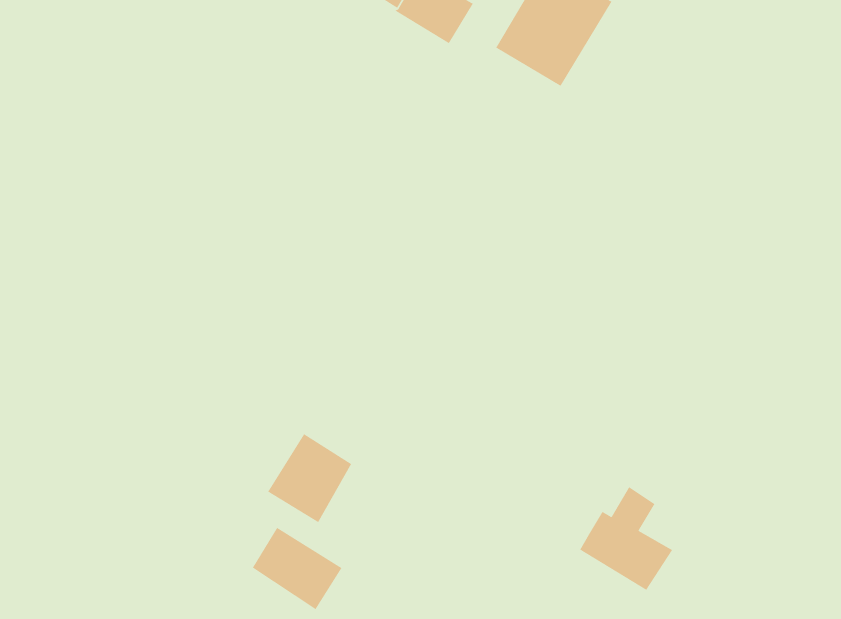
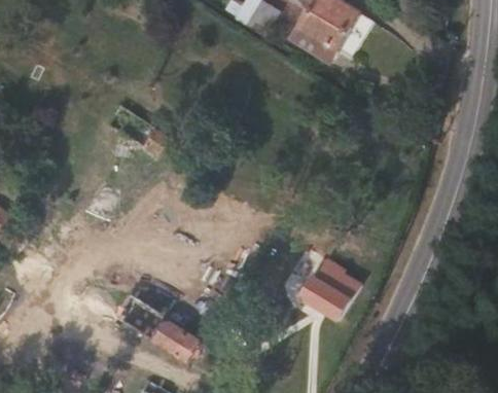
building: [267,433,352,523] -> none
building: [579,486,673,591] -> [297,259,352,320]

